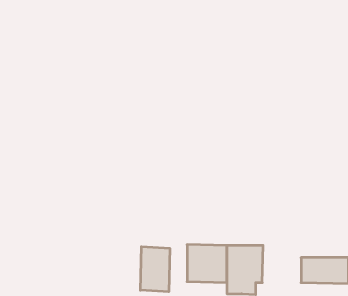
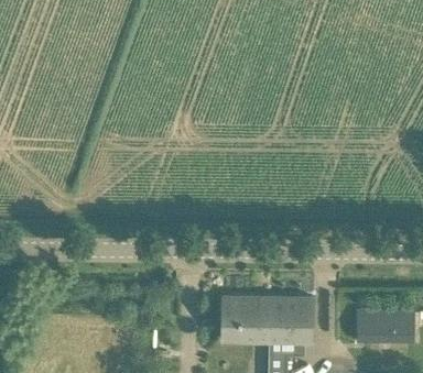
building: [140,247,170,292] -> none

